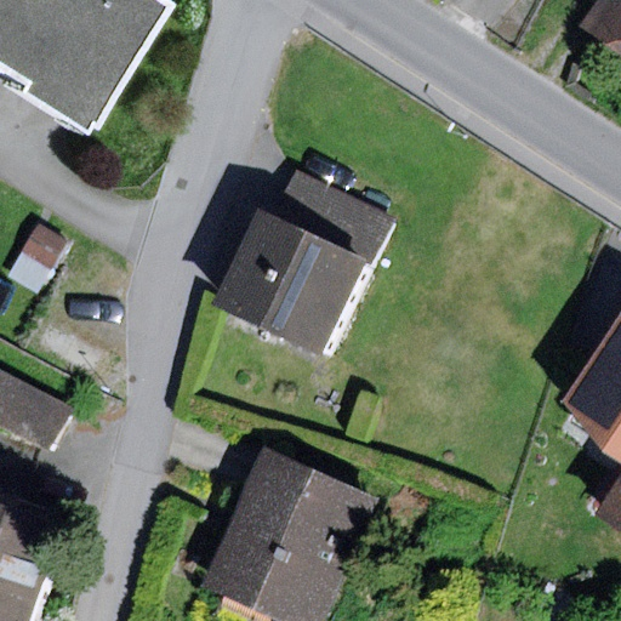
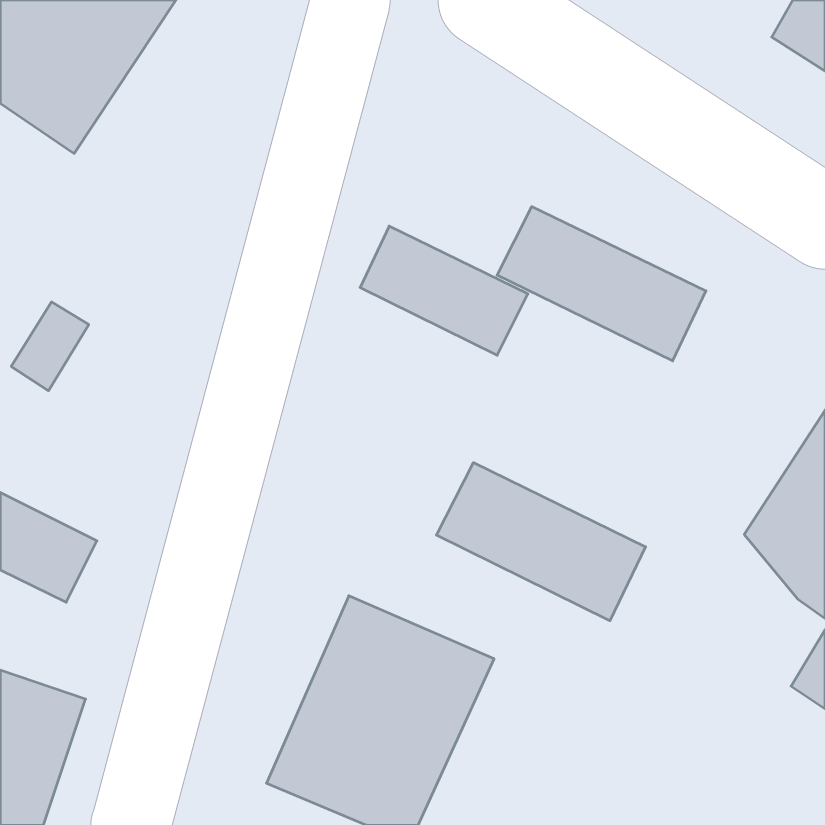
building: none -> [497,207,706,361]
building: [224,216,374,359] -> none
building: none -> [436,463,646,621]

